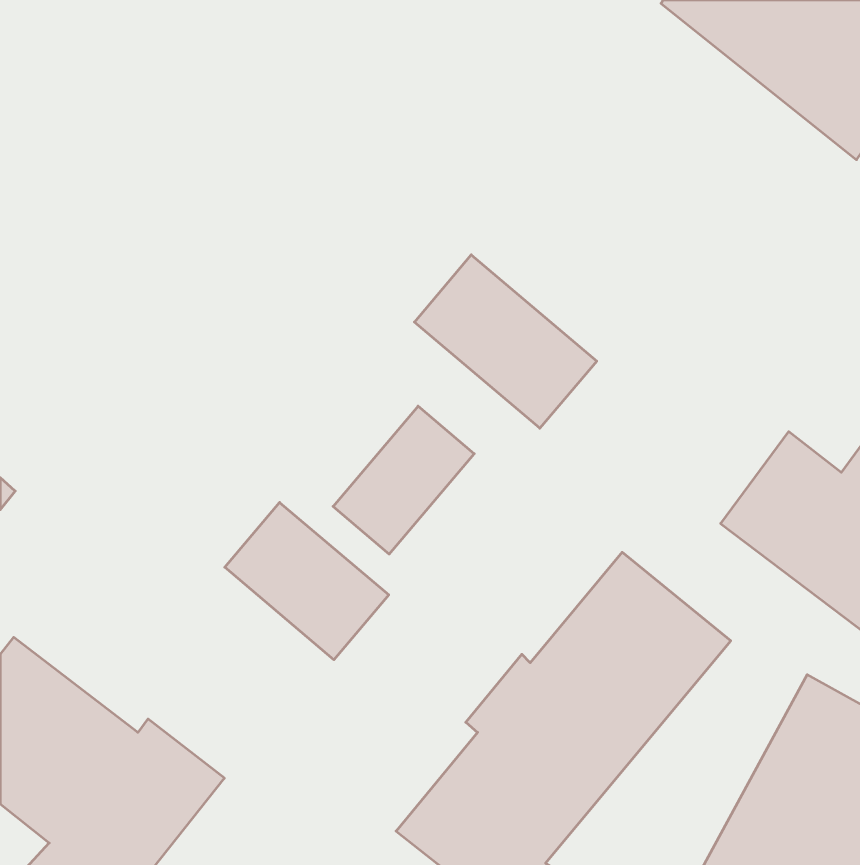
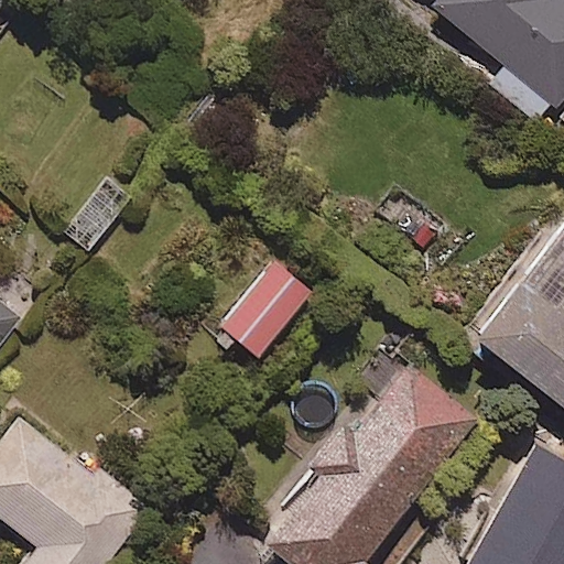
building: [414,255,597,428] -> none
building: [225,502,389,660] -> none

